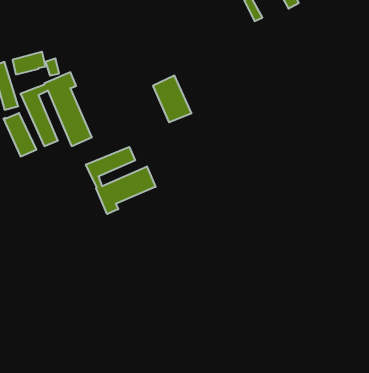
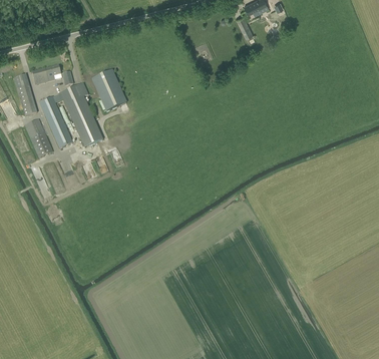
building: [153,76,192,122] -> [92,69,126,110]
building: [86,147,156,214] -> none

